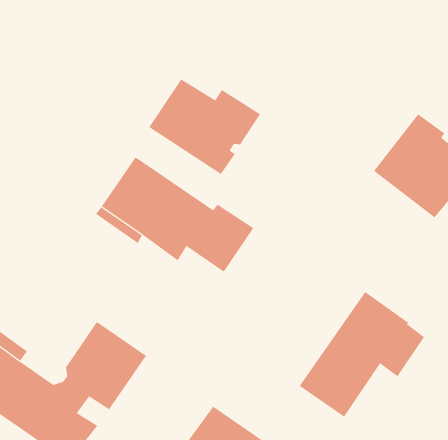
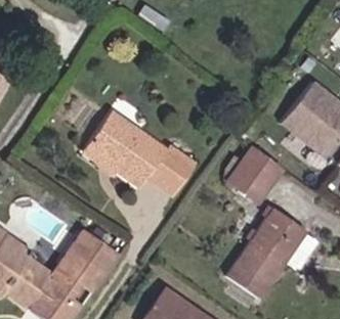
building: [148,78,261,175] -> none
building: none -> [229,146,283,201]

